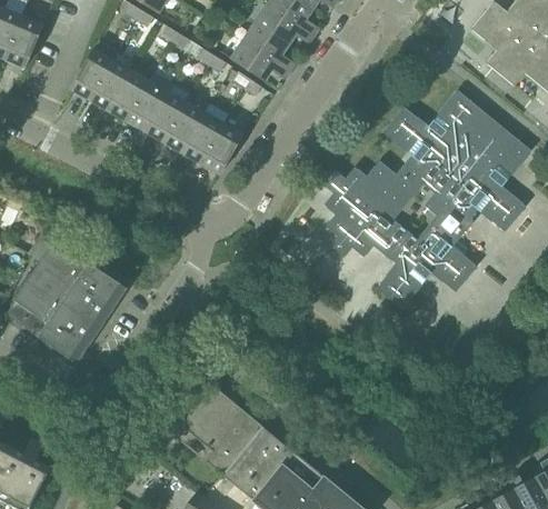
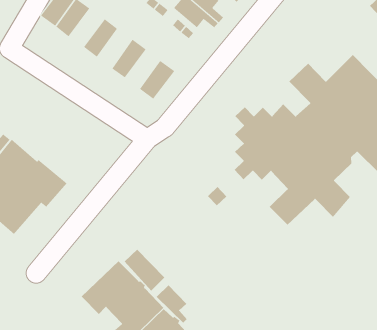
building: [109,71,150,119] -> none
building: [147,92,187,141] -> none
building: [183,113,223,162] -> none
building: none -> [124,249,165,291]
building: none -> [156,284,188,324]

